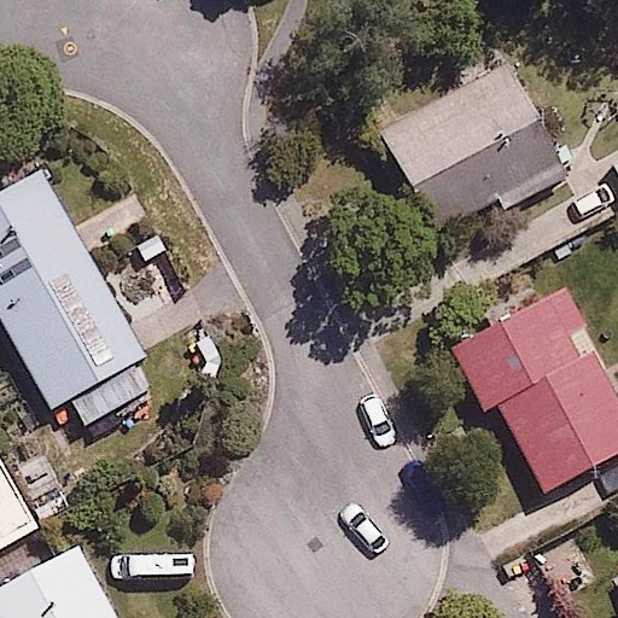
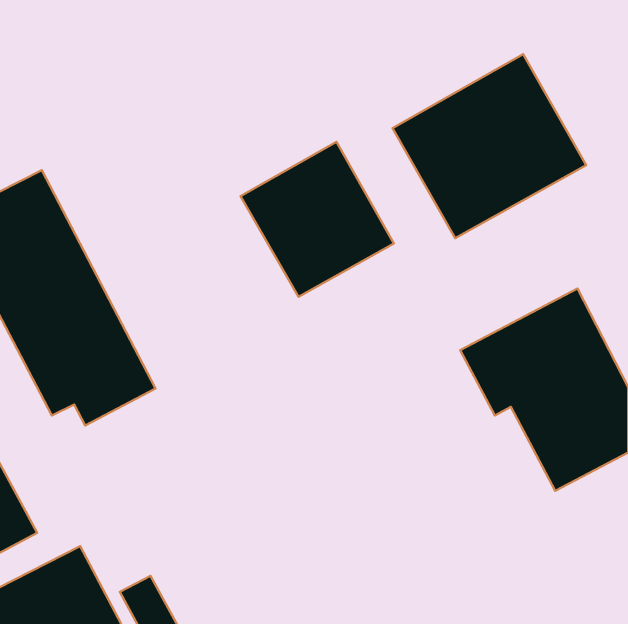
building: none -> [240,142,394,297]

